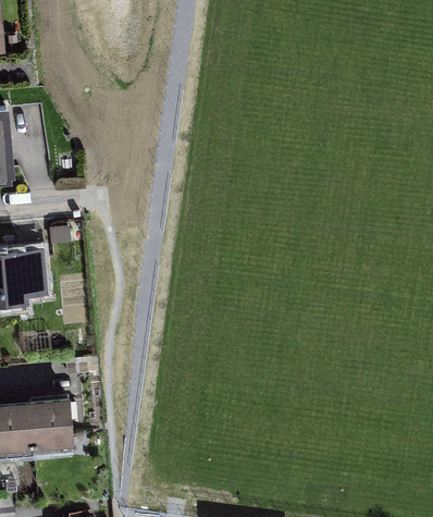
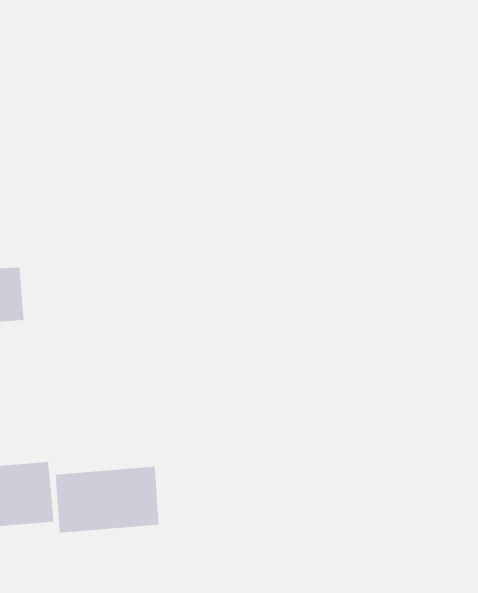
building: none -> [55,466,160,533]

